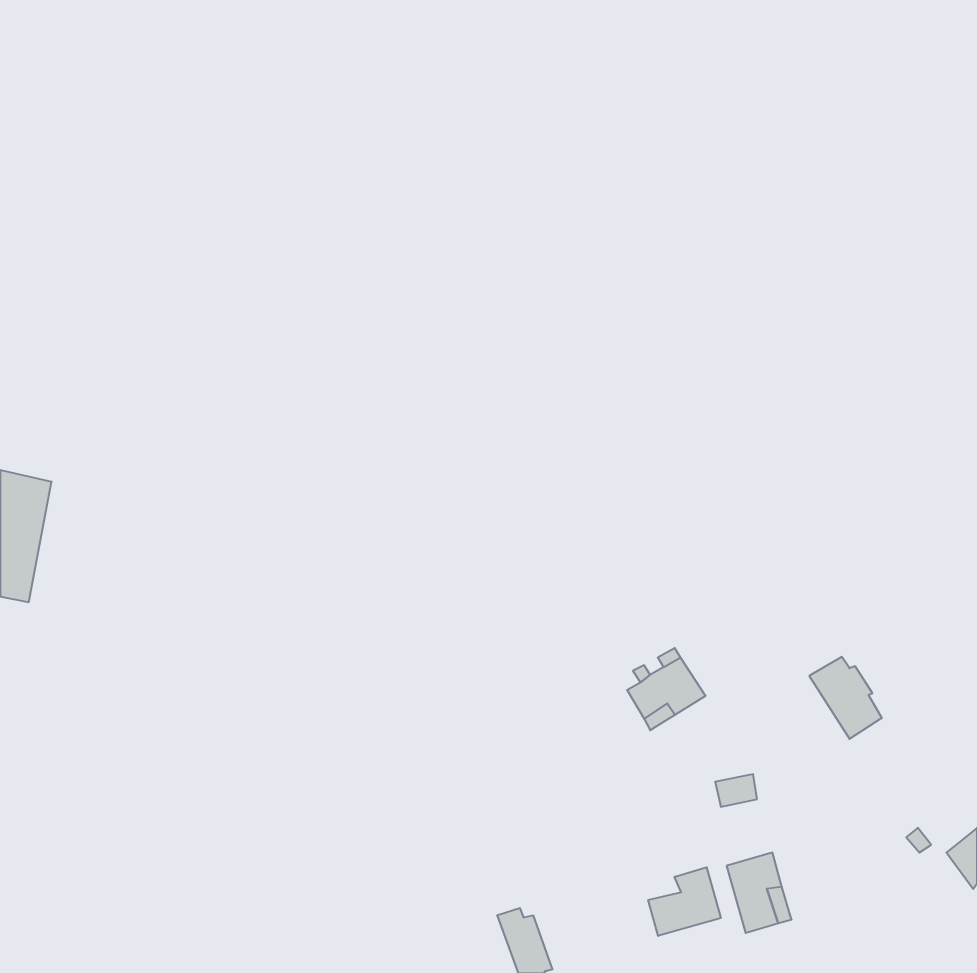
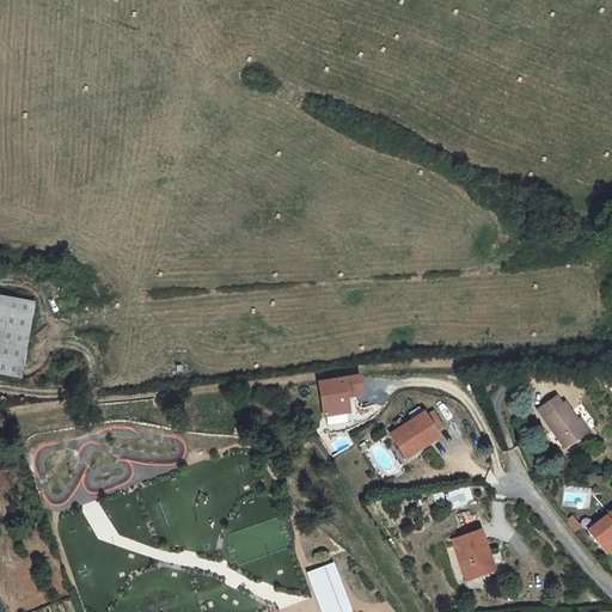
building: none -> [322,373,363,411]
building: [809,657,882,739] -> [545,399,590,451]
building: [648,867,721,936] -> none

